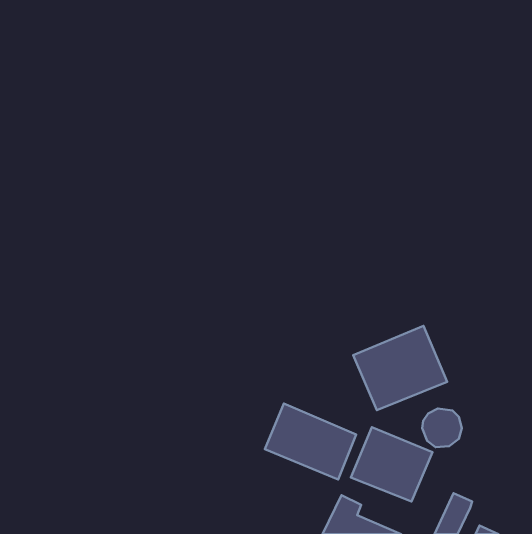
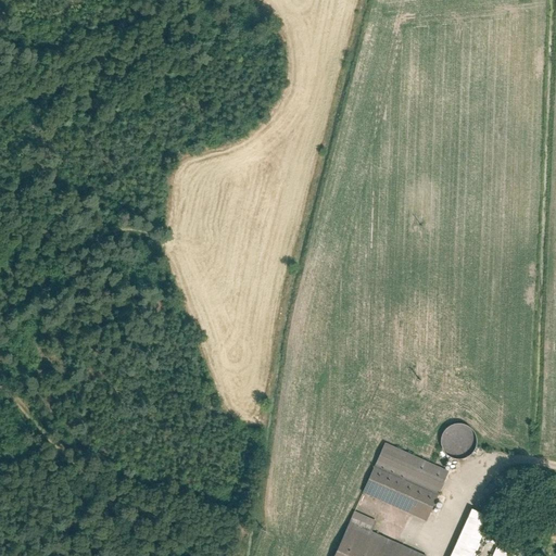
building: [353,326,447,410] -> none
building: [265,404,356,480] -> none

